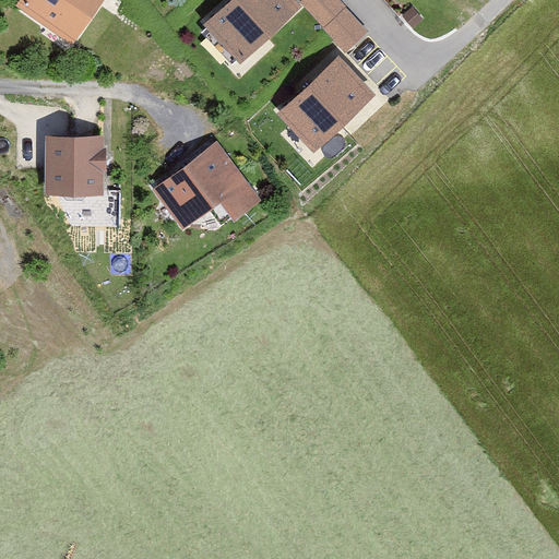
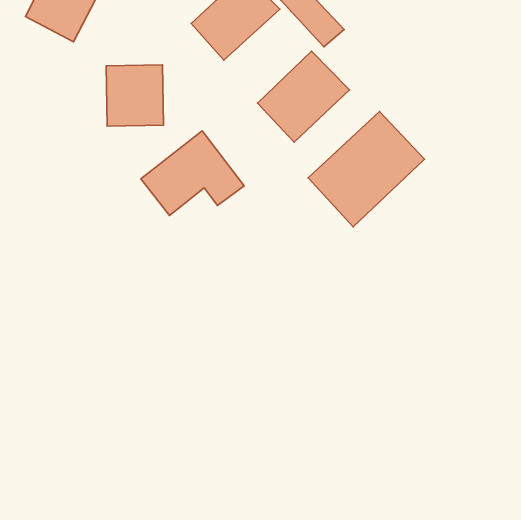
building: none -> [308,111,425,227]
building: [44,133,105,199] -> [106,65,163,126]

